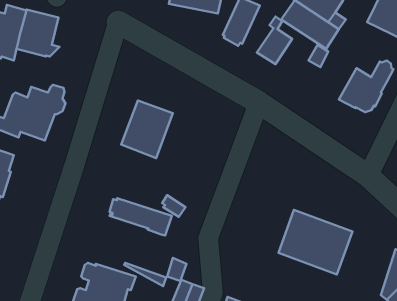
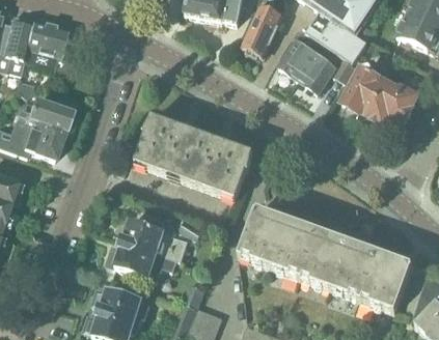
building: none -> [298,49,335,89]
building: none -> [338,53,394,117]
building: none -> [171,128,252,199]
building: none -> [238,207,318,276]
building: none -> [106,236,176,278]
building: none -> [363,253,411,310]

